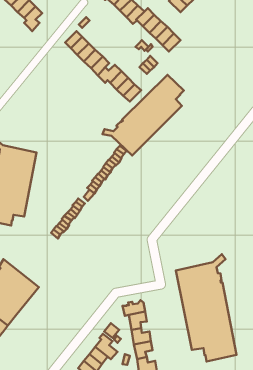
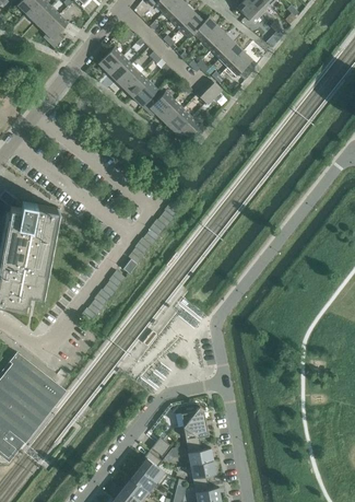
building: [102,75,184,155] -> none
building: [176,254,236,361] -> none

